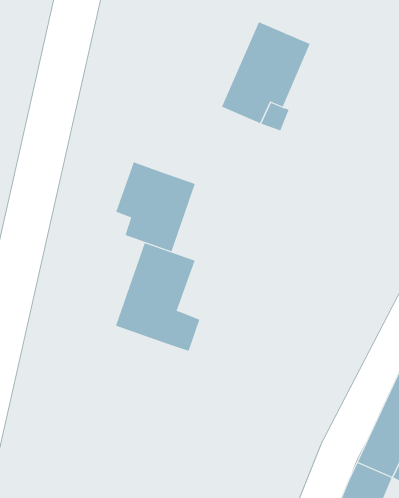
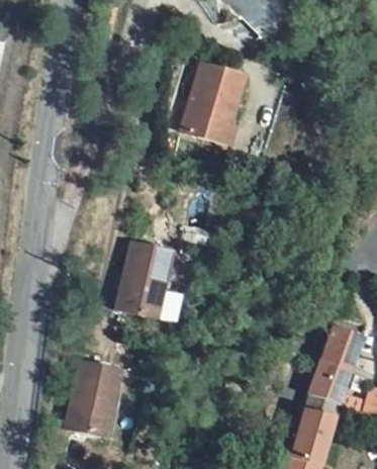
building: [115,162,195,252] -> none
building: none -> [65,359,120,436]

